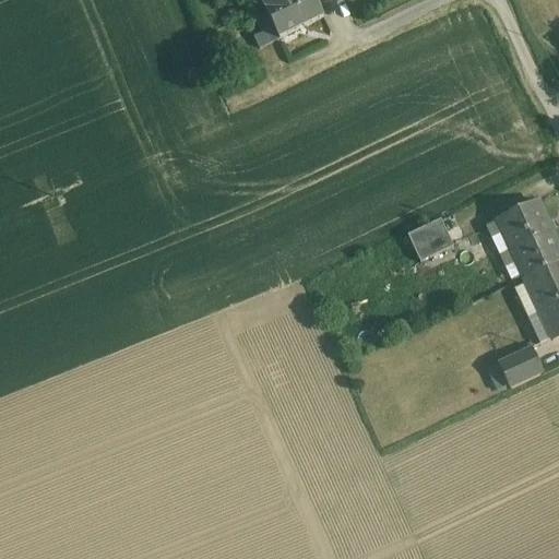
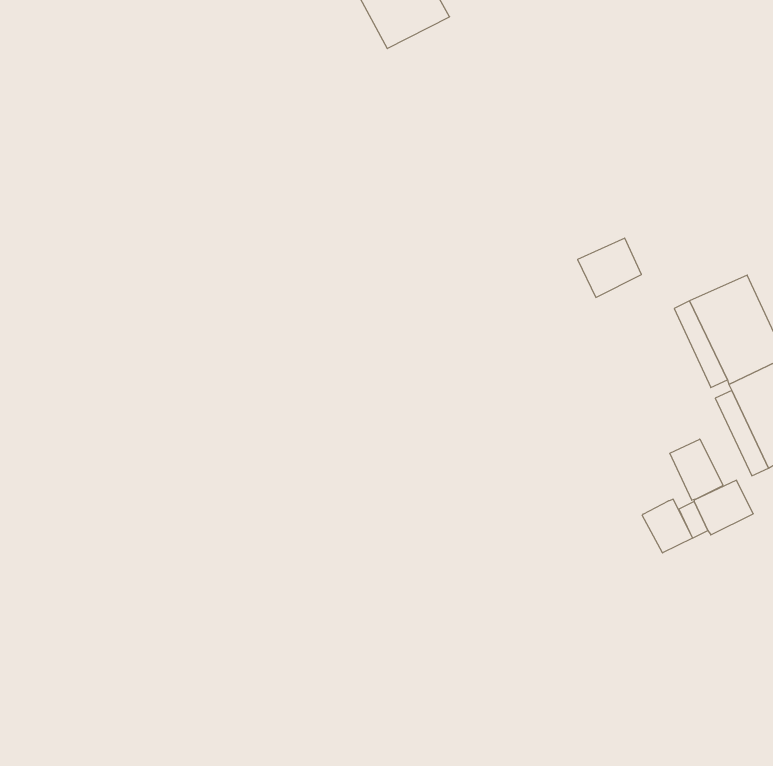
building: [409,216,455,259] -> [578,238,641,297]
building: none -> [670,439,723,500]
building: none -> [642,499,693,553]

